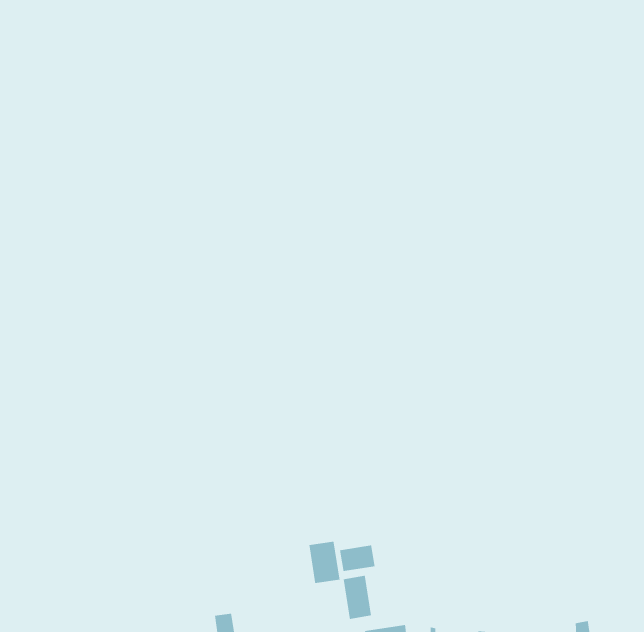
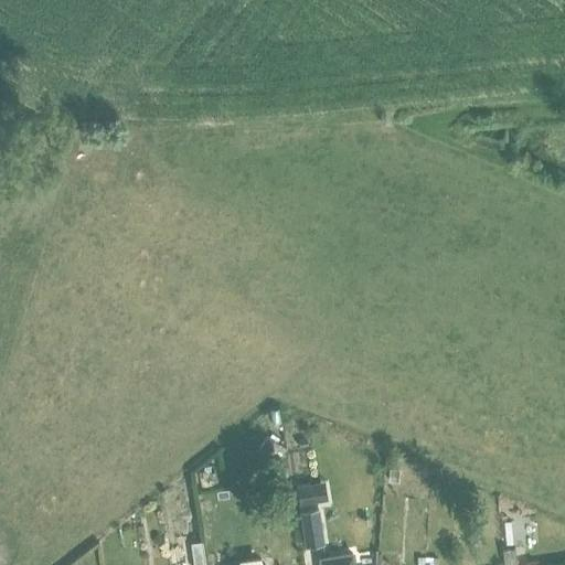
building: [309,541,340,584] -> none

